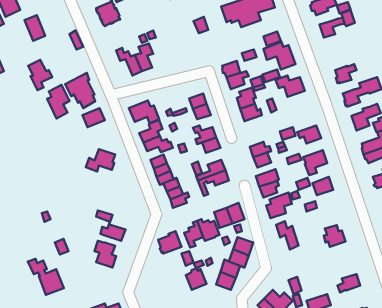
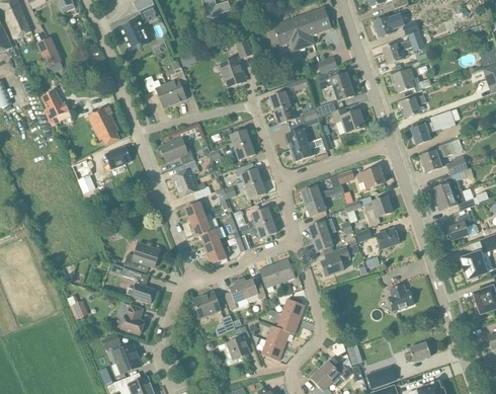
building: none -> [218,56,246,87]
building: none -> [392,67,431,92]
building: [47,85,70,118] -> none
building: [86,149,115,172] -> [123,242,158,268]
building: [276,221,299,249] -> none
building: [28,259,64,295] -> [99,330,142,373]

